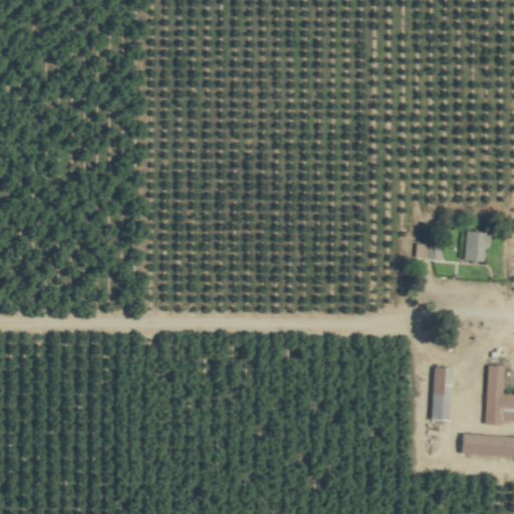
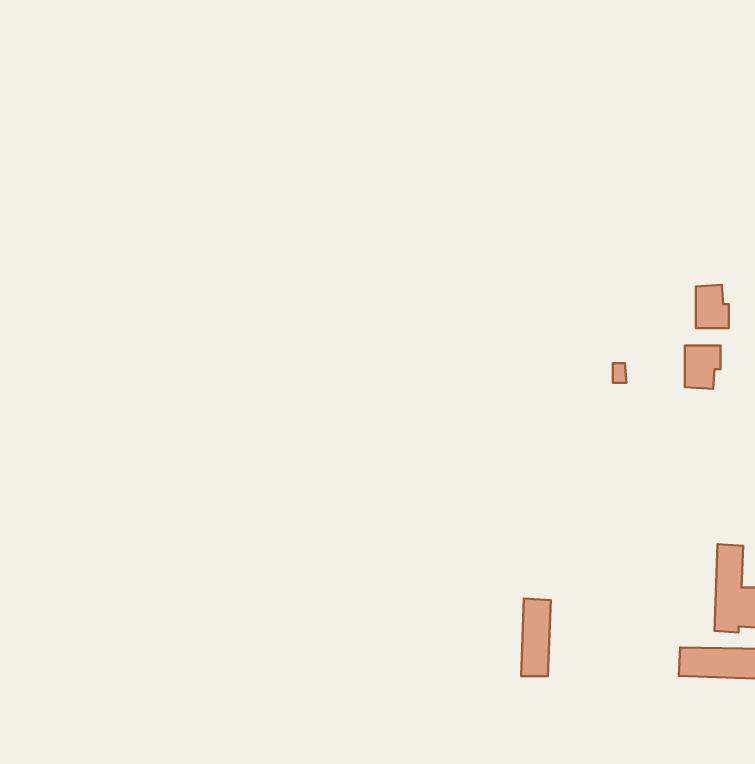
building: none -> [696,285,729,328]
building: [432,366,452,419] -> [521,599,551,676]

